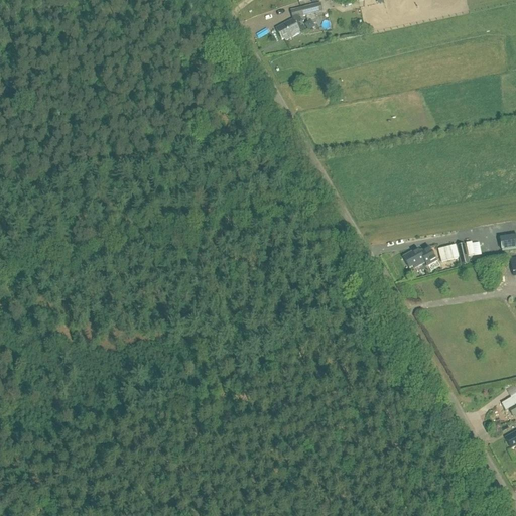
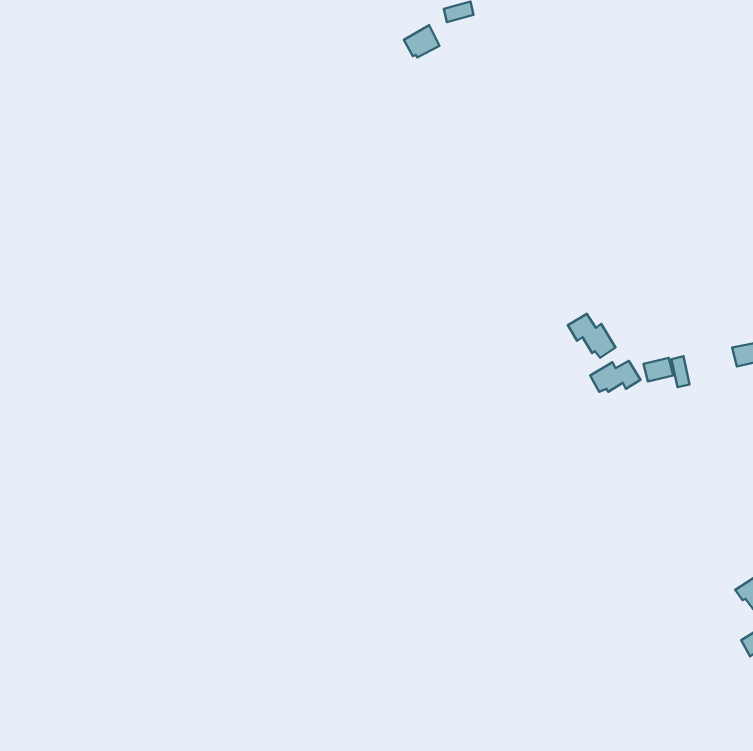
building: none -> [568,314,615,358]

